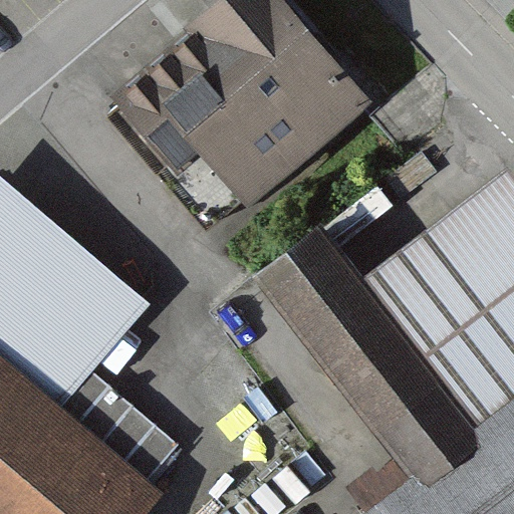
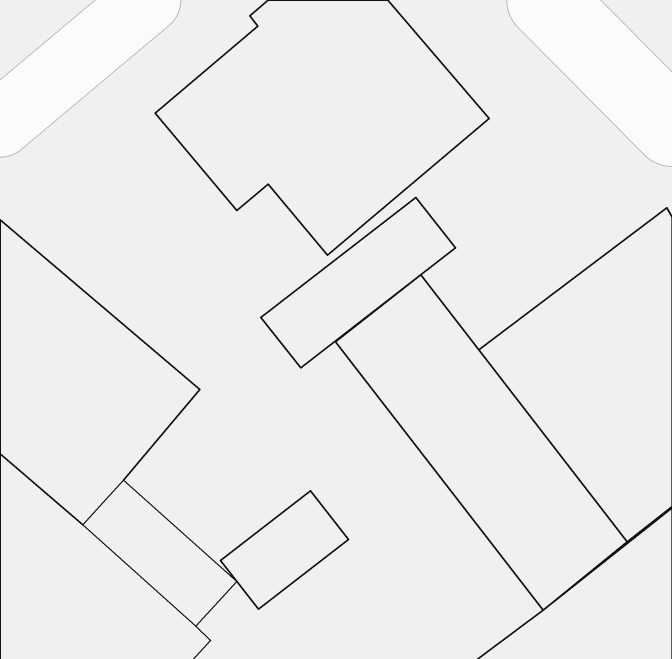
building: none -> [261,198,456,368]
building: none -> [220,491,349,609]

